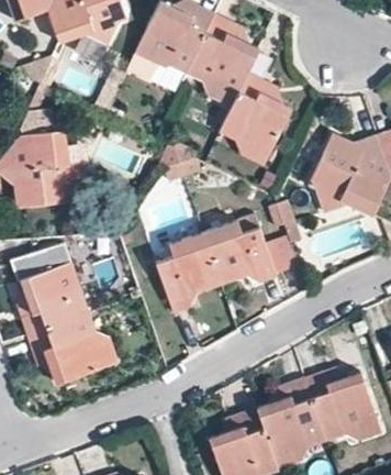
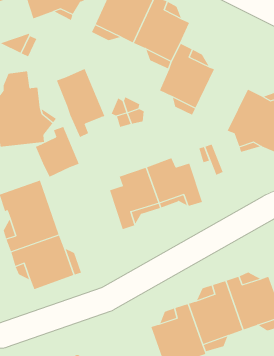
building: none -> [56,68,105,138]
building: none -> [35,126,79,178]

